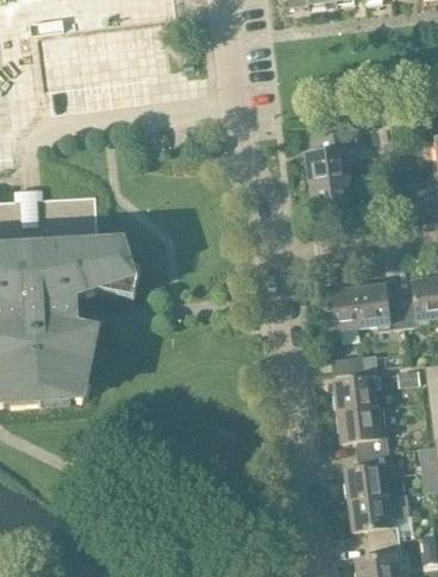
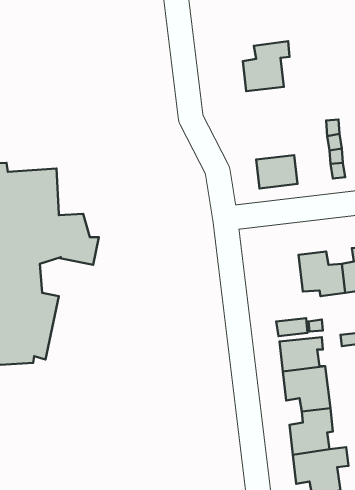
building: [305,132,355,186] -> [243,41,289,91]
building: [323,288,358,338] -> none

